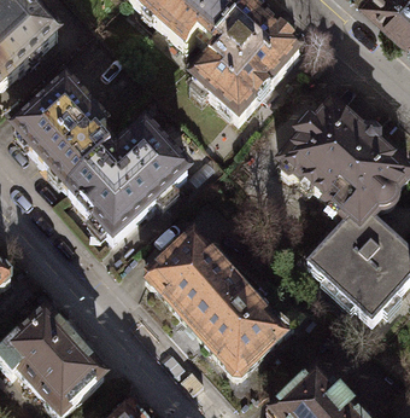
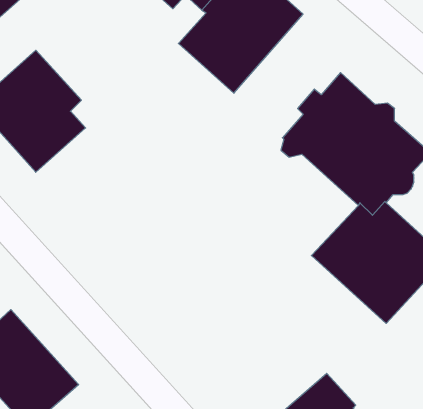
building: [66,124,187,238] -> none
building: [145,233,293,377] -> none

